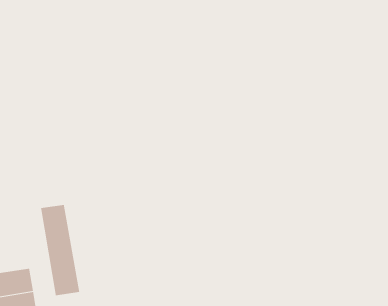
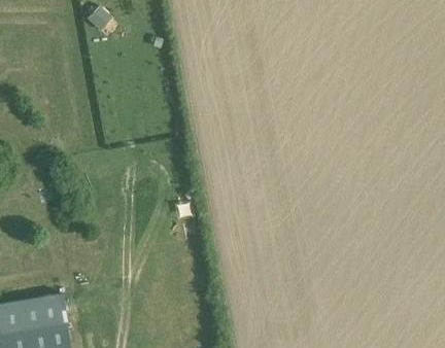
building: [41,204,80,296] -> none

